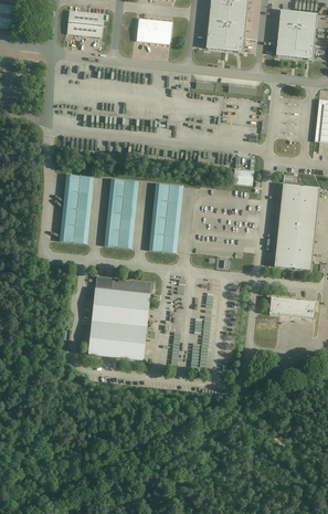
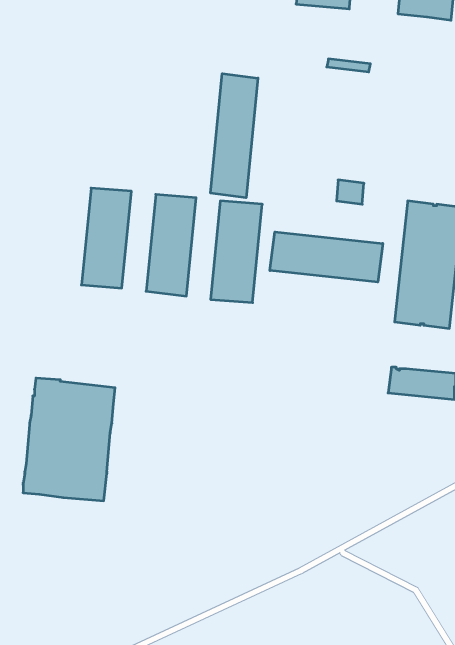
building: none -> [211,74,258,198]
building: none -> [270,232,383,282]
building: [88,275,151,359] -> [23,378,115,501]

